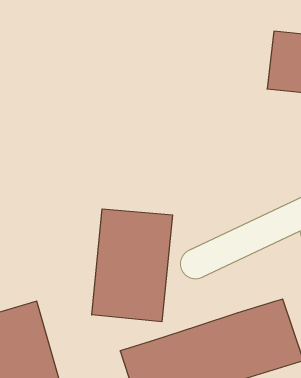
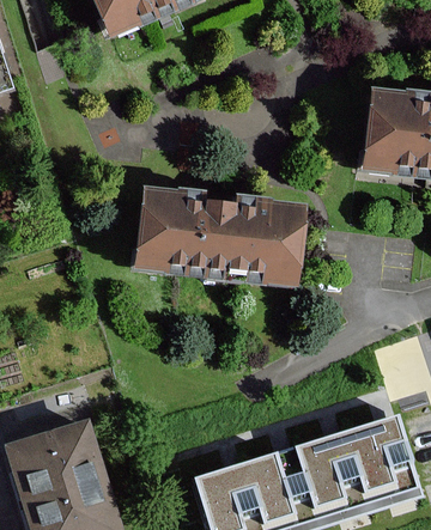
building: none -> [139,190,305,279]
building: [92,209,172,322] -> none

